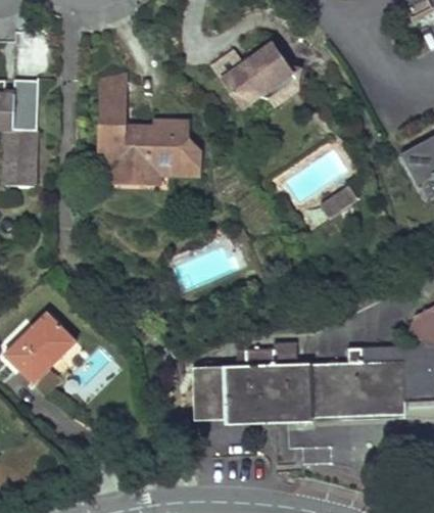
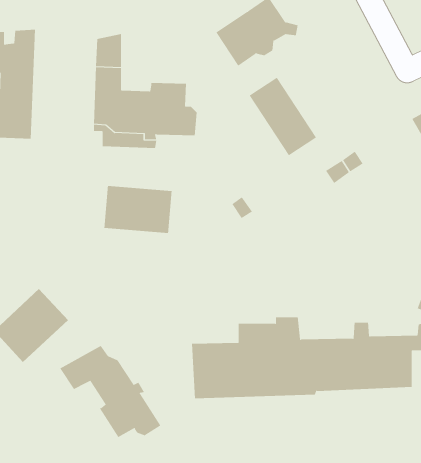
building: none -> [249,77,317,156]
building: none -> [104,185,172,234]
building: none -> [59,345,161,438]

